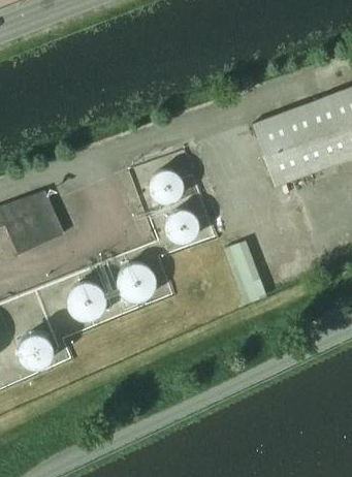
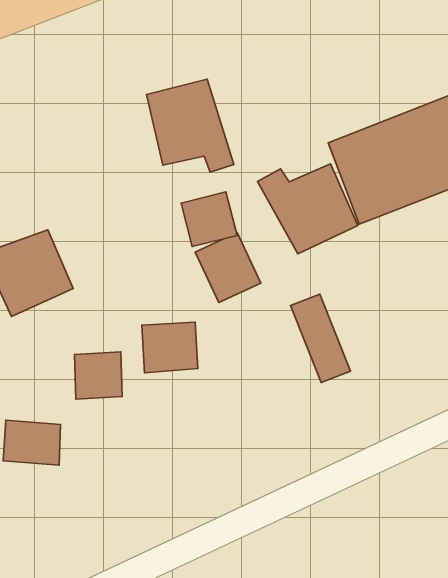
building: none -> [147,79,234,172]
building: none -> [258,164,358,254]

